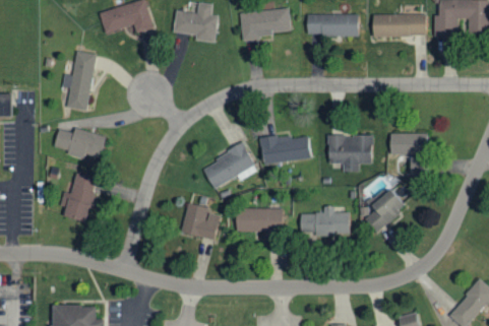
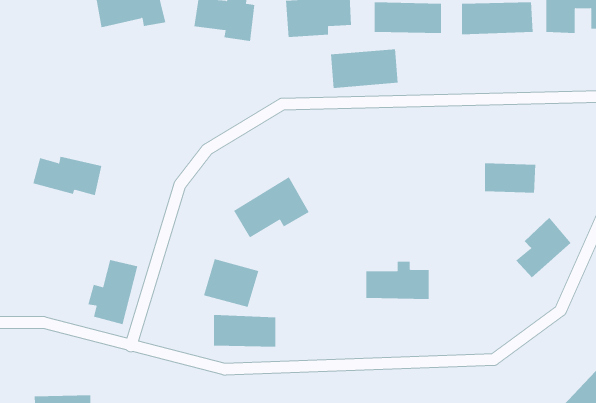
building: [62,51,97,111] -> none
building: [260,134,311,164] -> [330,49,398,88]
building: [326,135,372,172] -> none
building: [59,174,97,222] -> [88,259,138,325]
building: [363,188,405,234] -> [516,217,571,278]
building: [236,207,283,232] -> [213,314,276,347]

